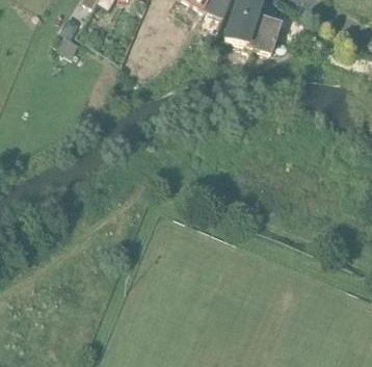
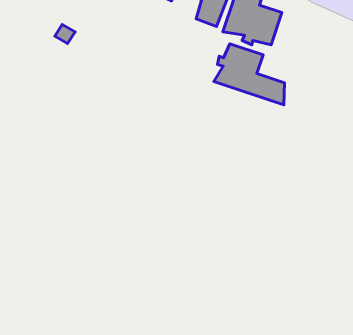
building: none -> [214,44,284,105]

